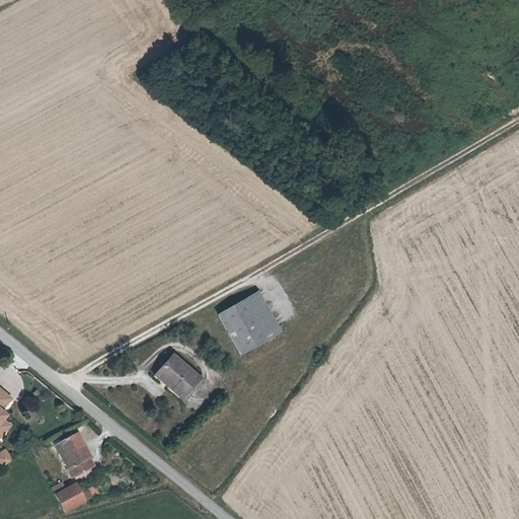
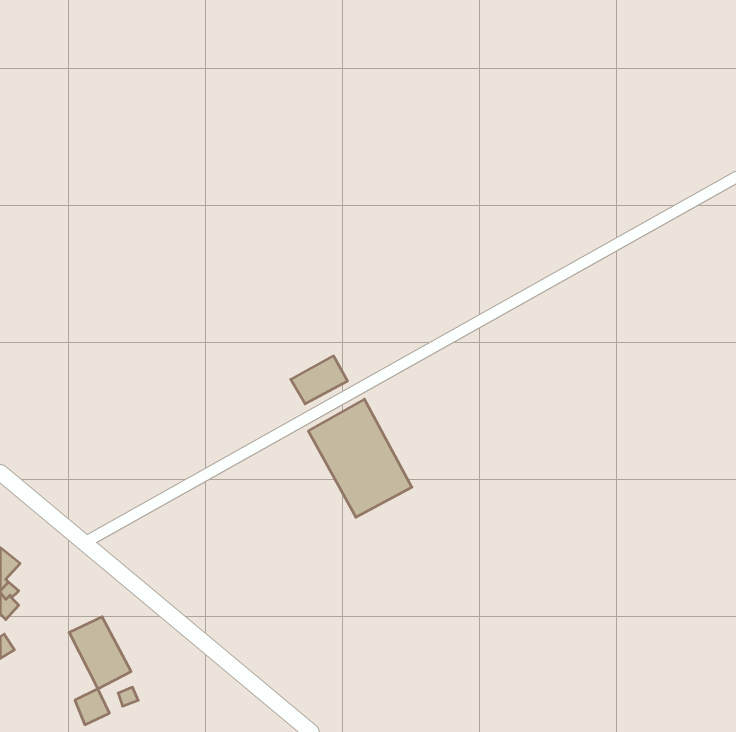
building: none -> [291,356,347,404]
building: [154,356,198,397] -> none

